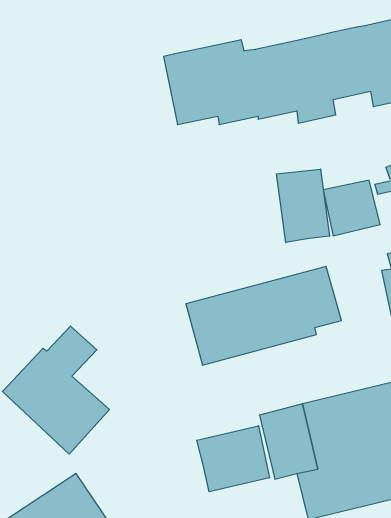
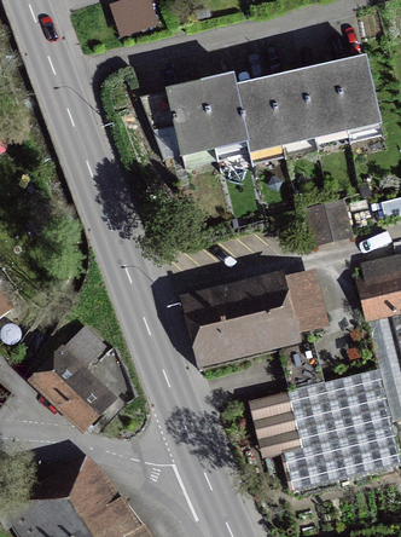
building: [277,169,329,243] -> none
building: [197,426,270,492] -> none

